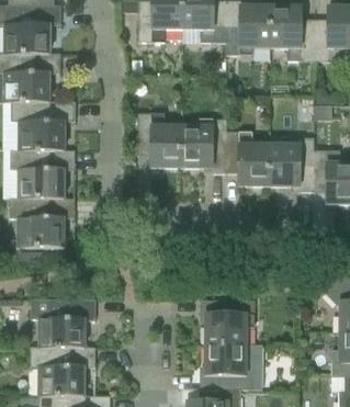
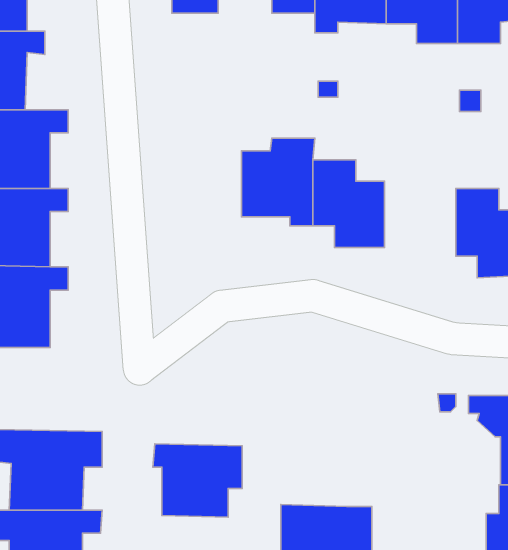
building: [137,113,181,167] -> none
building: [269,137,313,191] -> none
building: [200,299,255,344] -> [153,444,242,517]

